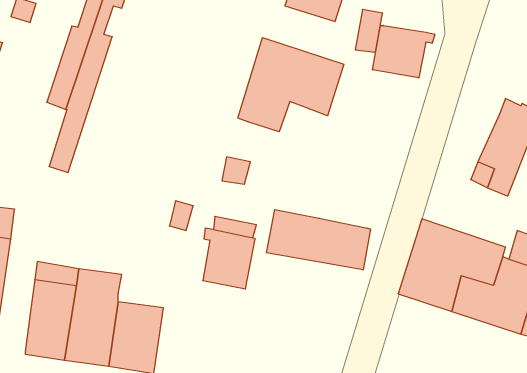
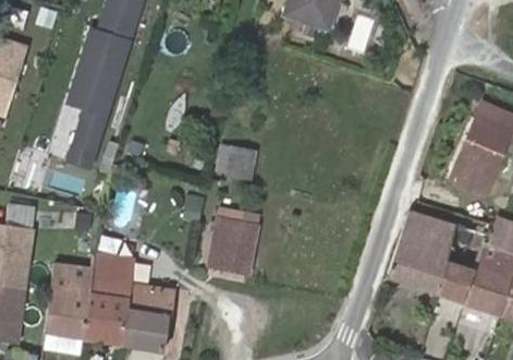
building: [373,25,435,78] -> none
building: [238,38,344,132] -> none
building: [266,210,371,270] -> none

